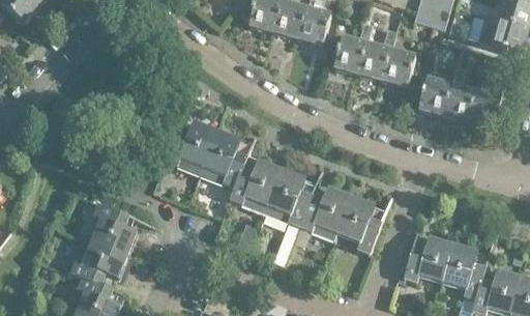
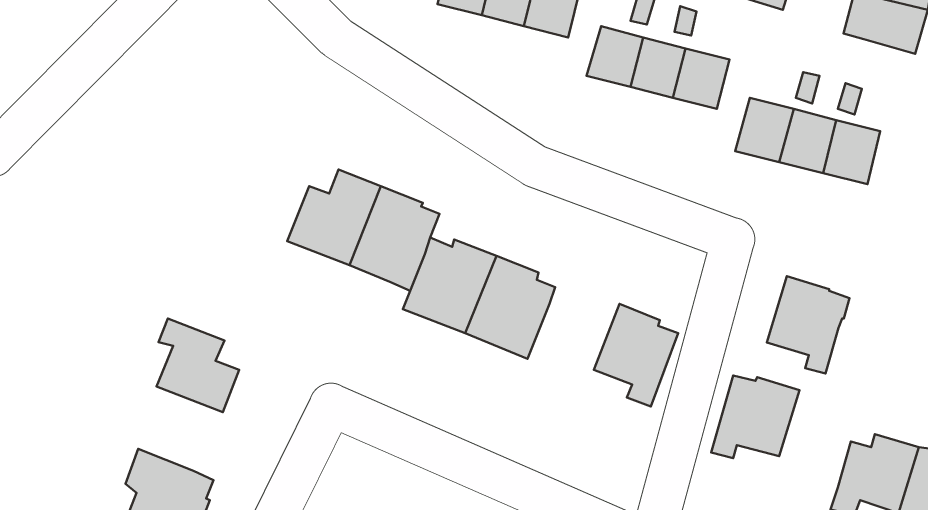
building: [301,186,353,238] -> none
building: [63,241,129,289] -> none
building: [443,243,490,298] -> [767,276,849,374]

